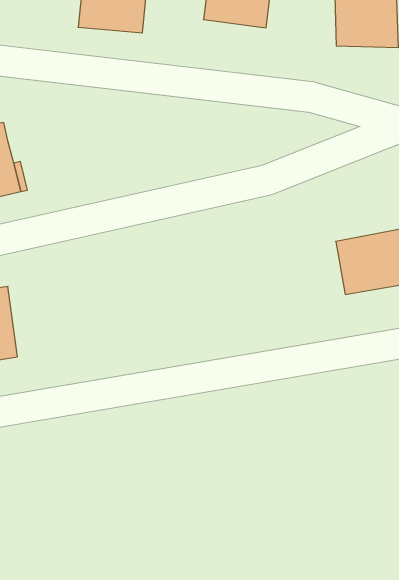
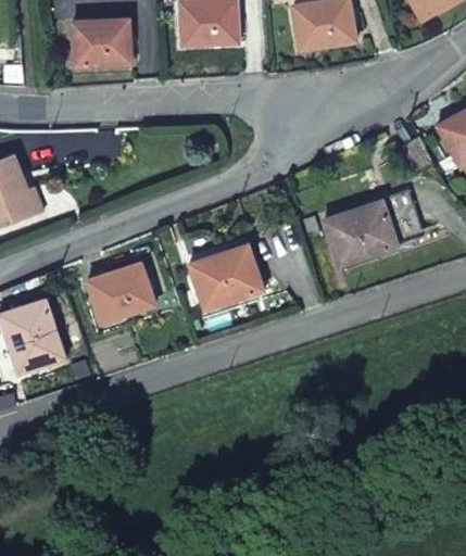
building: none -> [189,243,263,309]
building: none -> [87,262,154,323]

